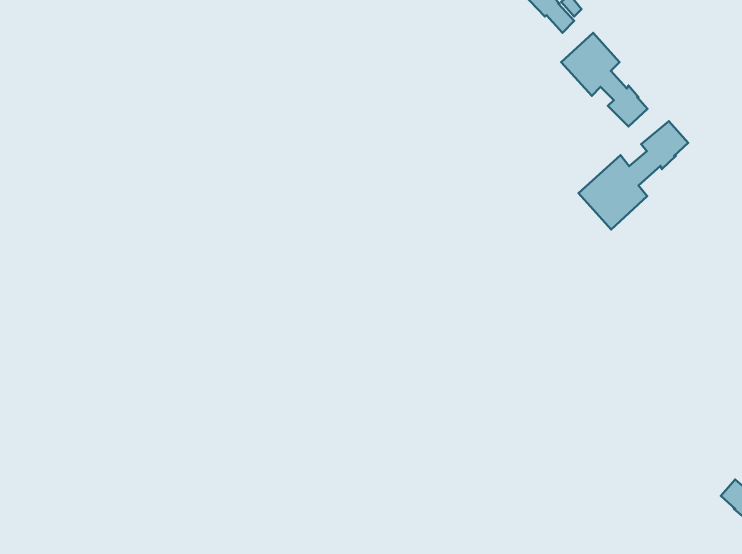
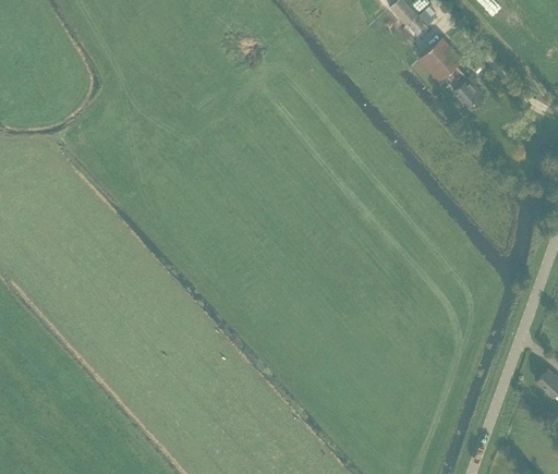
building: [578,121,688,229] -> none

